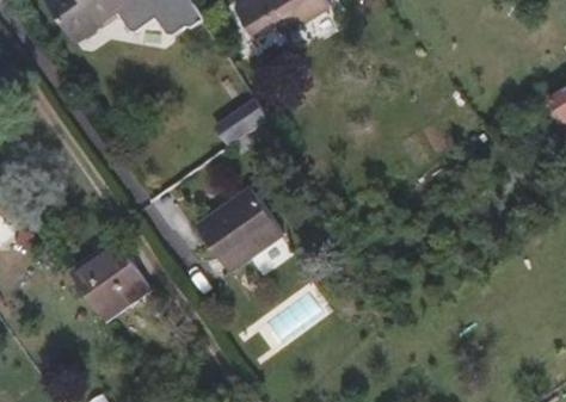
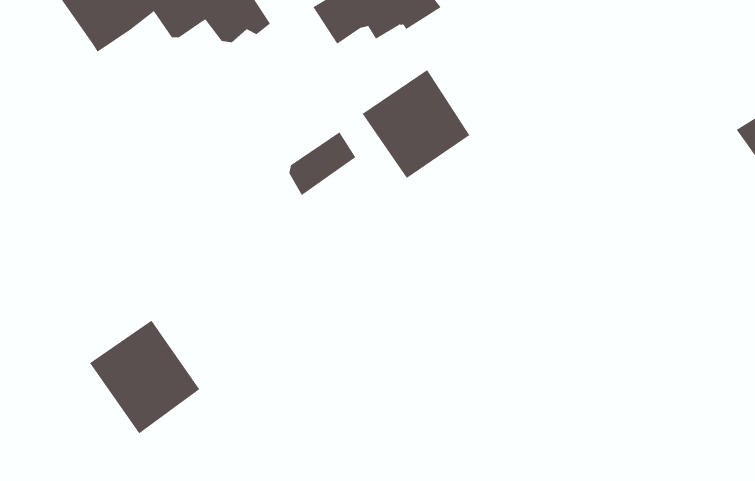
building: none -> [362,69,470,179]
building: [195,188,283,273] -> none

